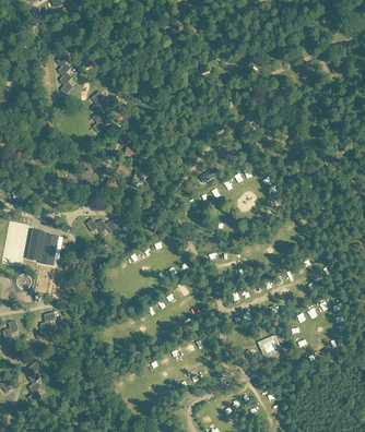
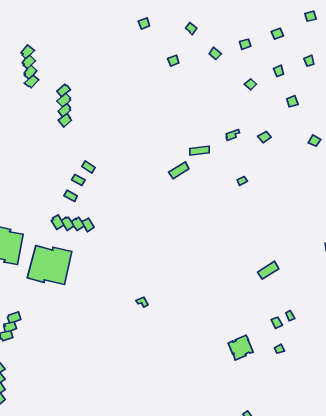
building: none -> [27,245,72,284]

